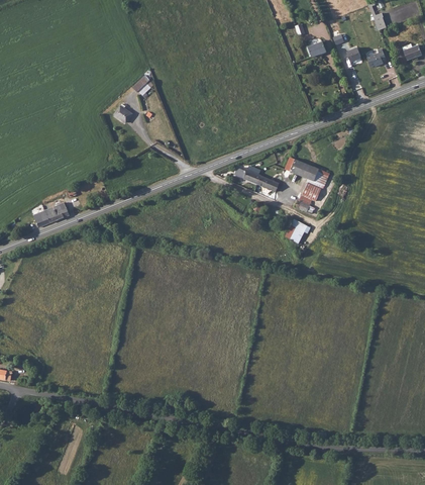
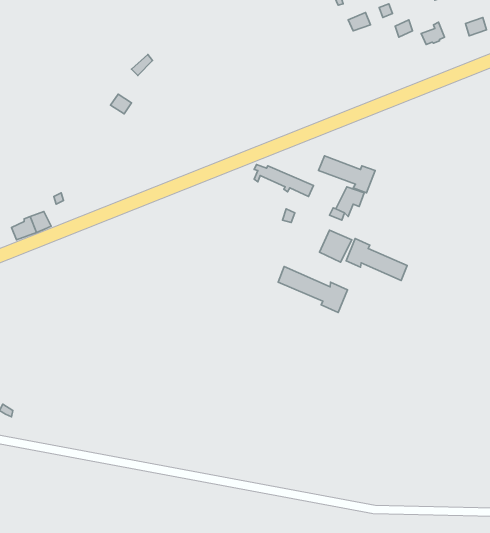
building: none -> [346,239,407,280]
building: none -> [278,267,347,312]

